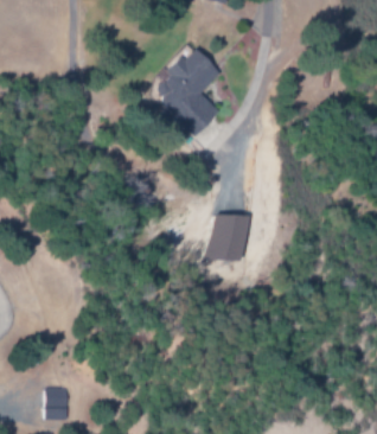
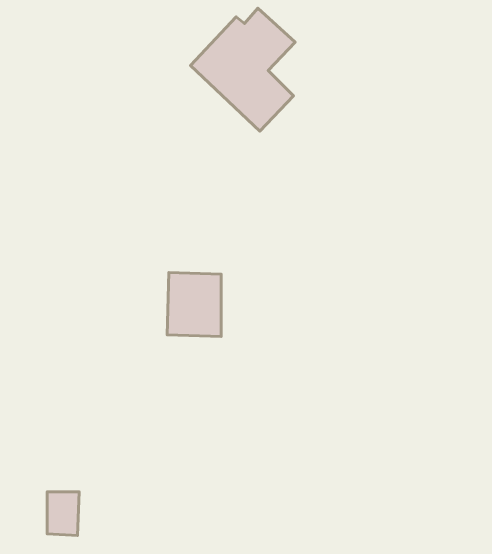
building: [215,213,253,259] -> [167,272,221,336]

